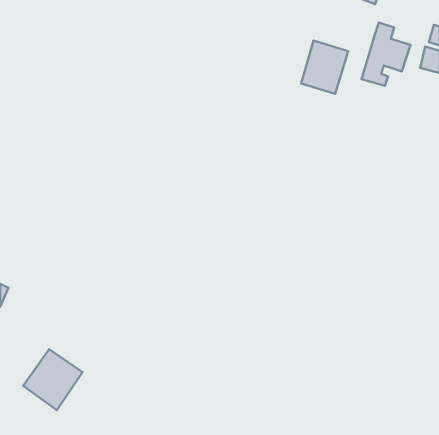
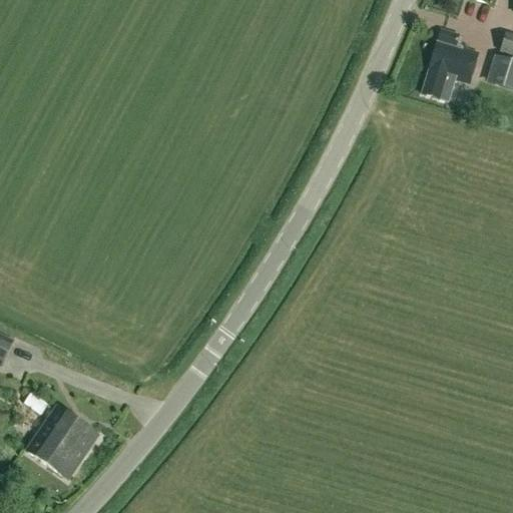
building: [301,40,348,94] -> none

